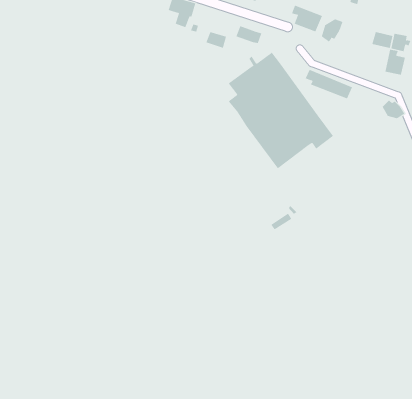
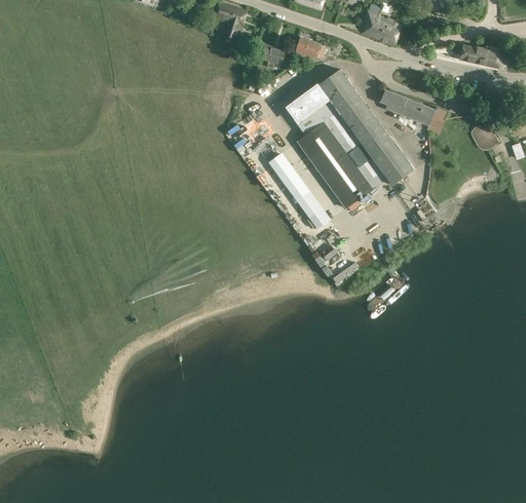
building: [321,18,343,42] -> none
building: [385,49,406,76] -> none
building: none -> [268,152,331,230]

